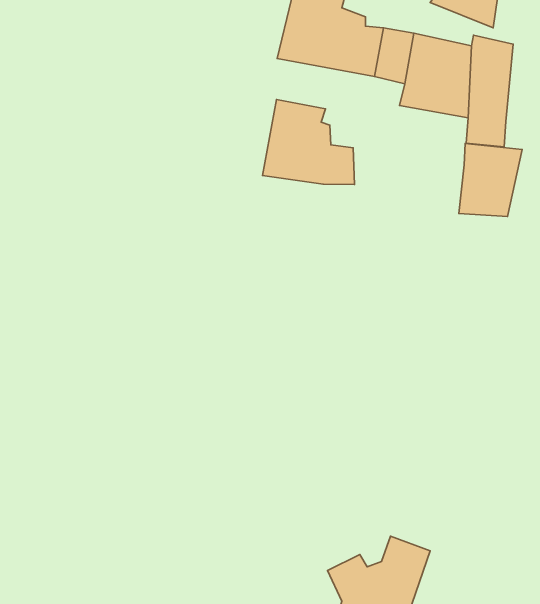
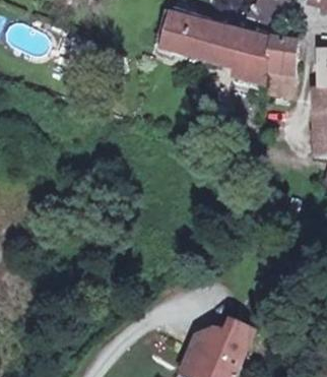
building: [262,100,355,184] -> none
building: [459,143,522,217] -> none

